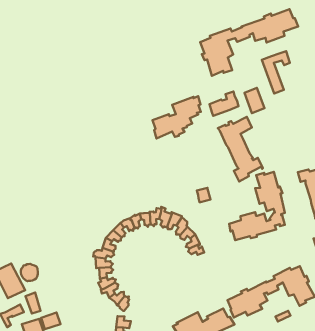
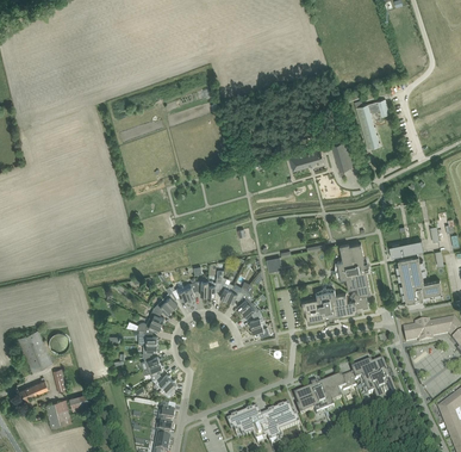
building: [200,9,298,76] -> none
building: [152,96,201,138] -> none
building: [218,117,263,181] -> none

